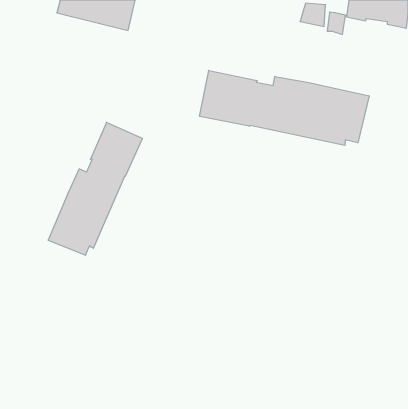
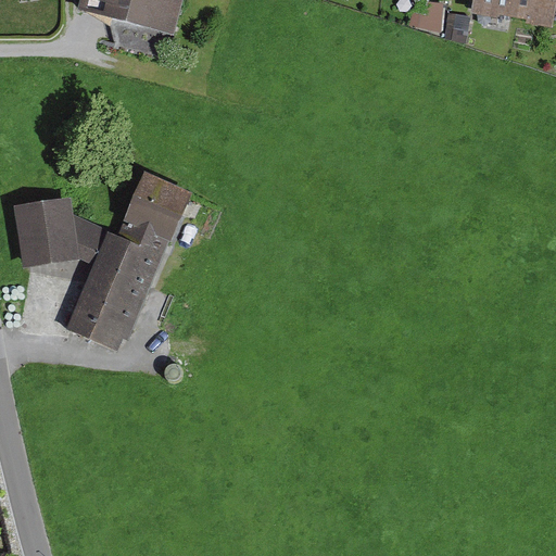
building: [200,70,369,145] -> none
building: none -> [13,193,108,265]

